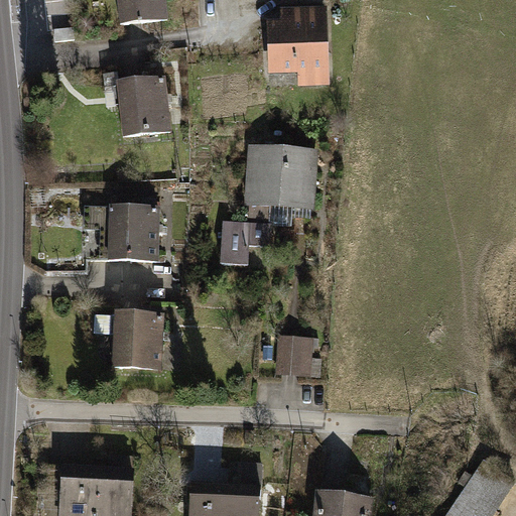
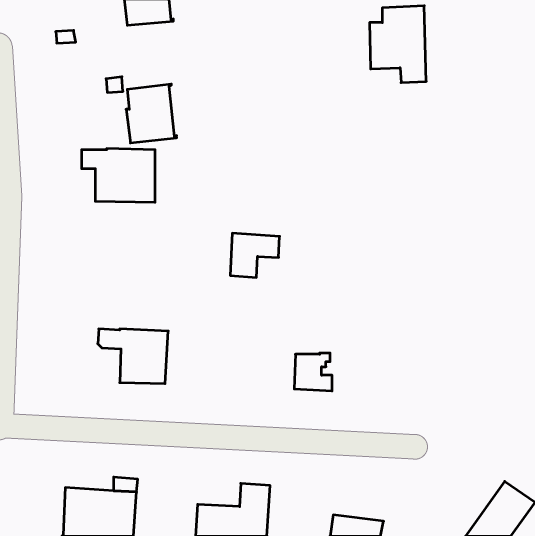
building: [270,10,325,84] -> [370,6,426,83]
building: [247,149,313,225] -> none
building: [85,210,155,261] -> [82,149,155,202]

